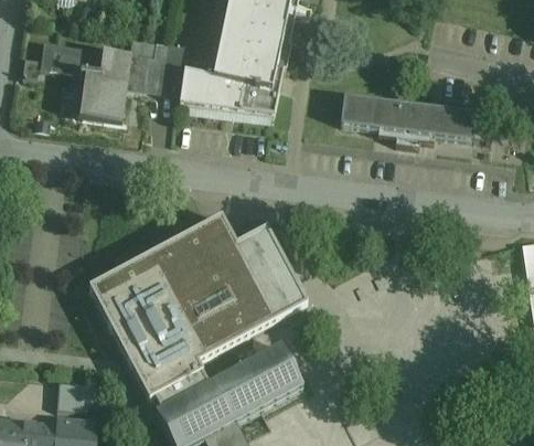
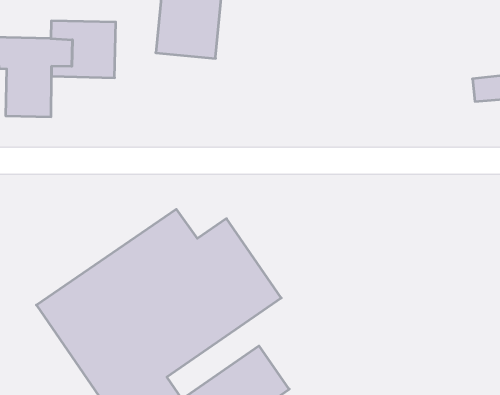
building: [179,68,278,113] -> none
building: [340,94,476,138] -> none

